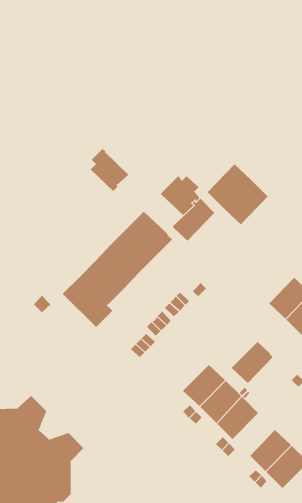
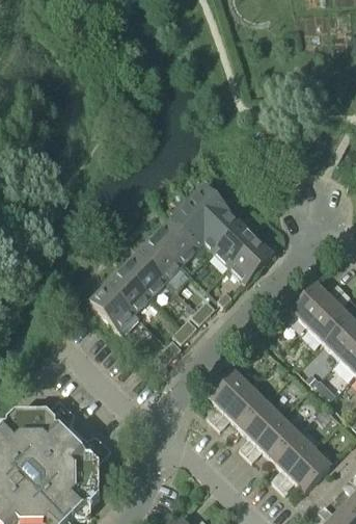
building: [90,148,129,192] -> [170,199,209,241]
building: [207,164,269,225] -> [213,221,273,282]
building: [231,341,273,384] -> [256,417,298,459]

